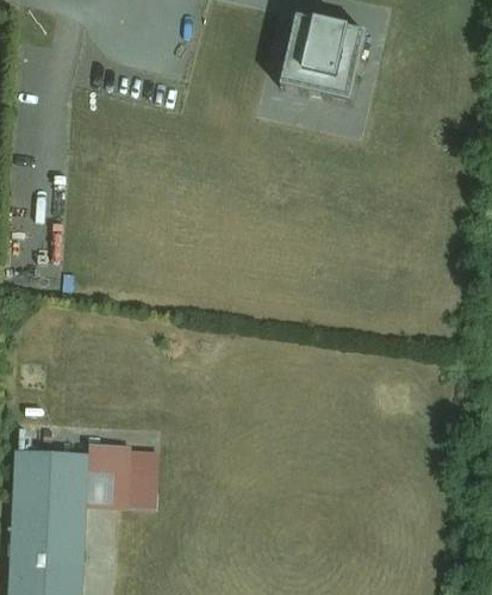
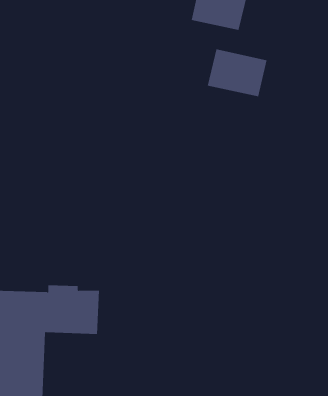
building: none -> [207,49,267,97]

